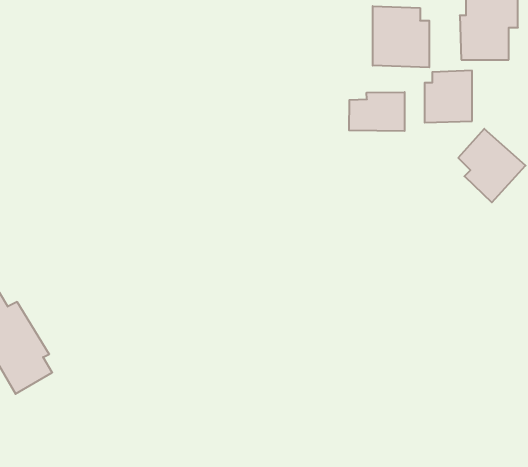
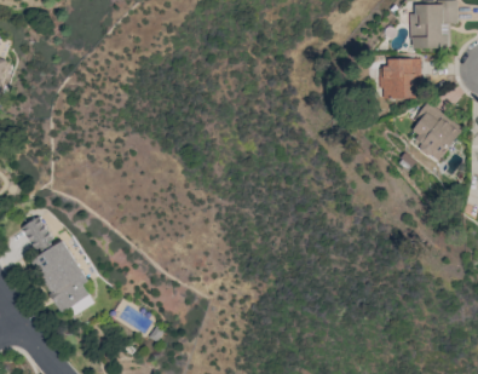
building: [373,6,429,67] -> none
building: [349,92,405,131] -> none

